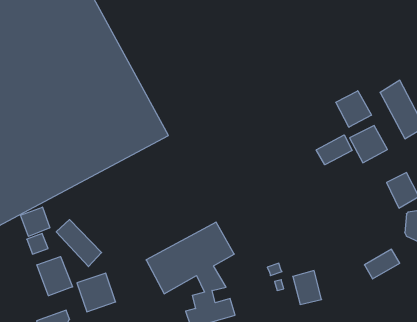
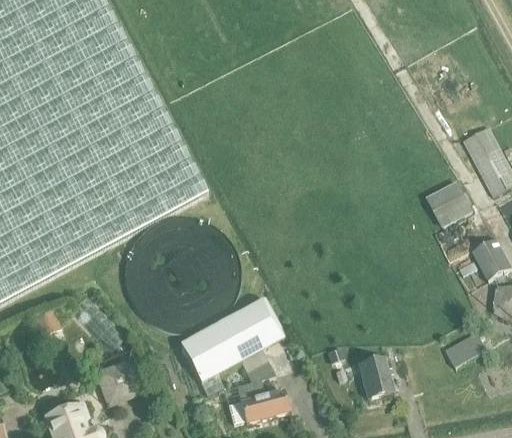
building: [336,91,371,127] -> none
building: [316,135,352,165] -> none
building: [21,207,50,236] -> none
building: [37,257,73,296] -> none

